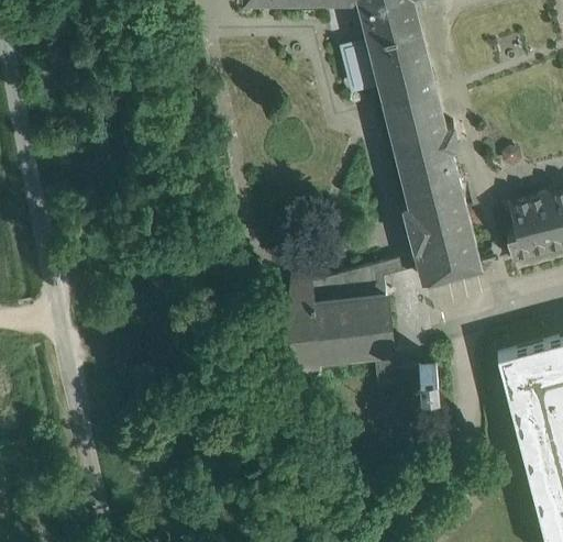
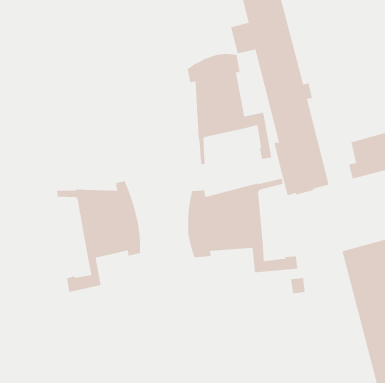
building: none -> [187,53,272,165]
building: none -> [56,180,141,293]

